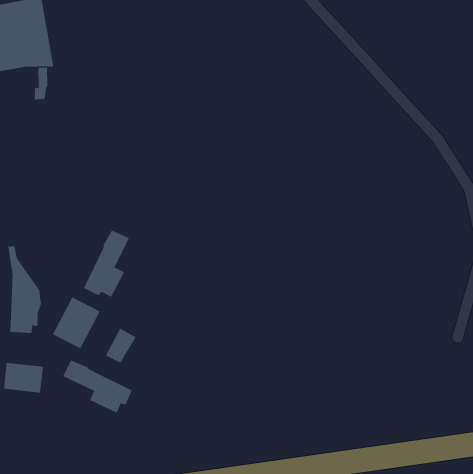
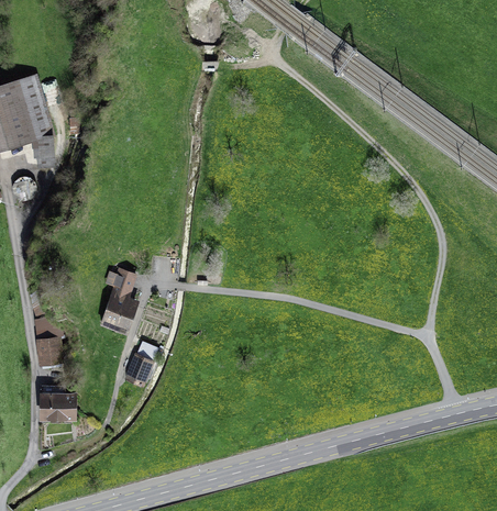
building: [52,296,100,349] -> none
building: [62,360,133,413] -> none

